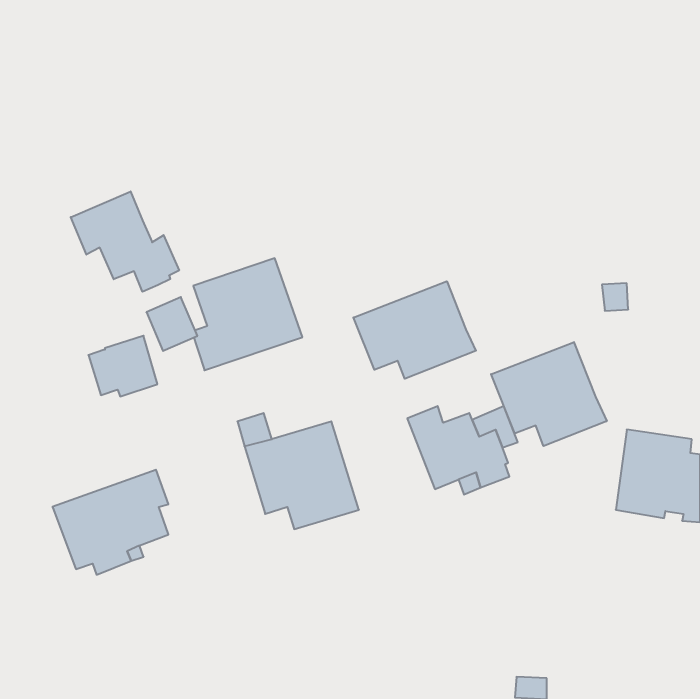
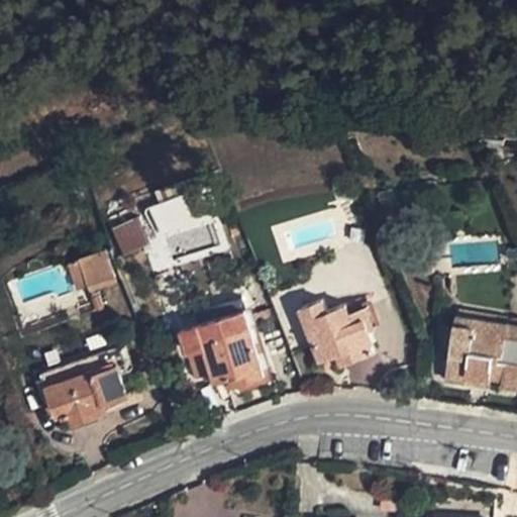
building: [71,191,179,292] -> none
building: [353,281,476,379] -> none
building: [491,342,607,446] -> none

